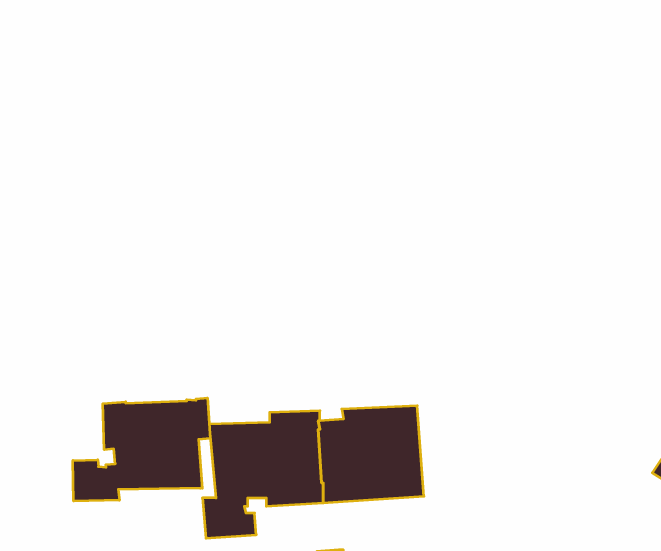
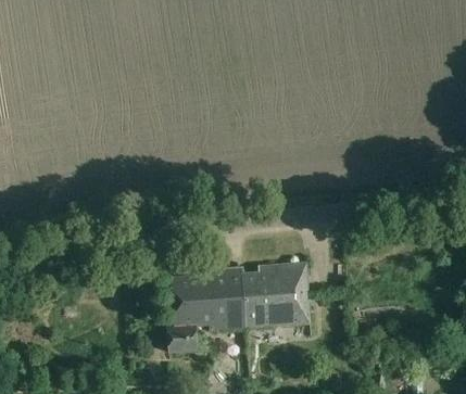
building: [73,398,210,501] -> none

